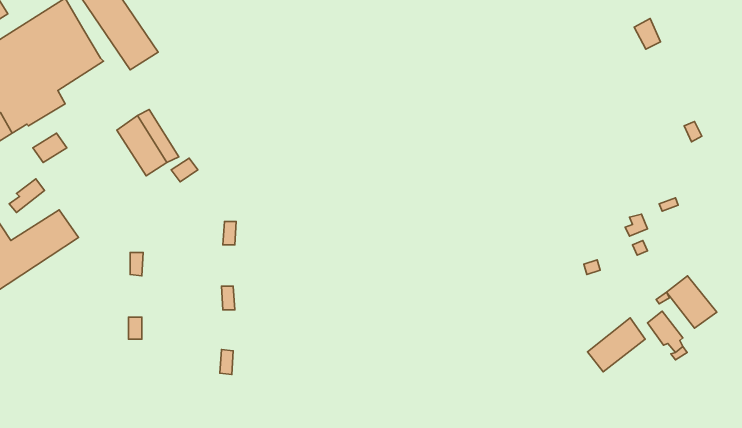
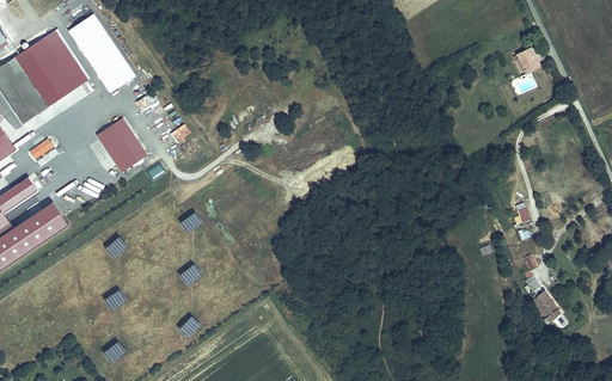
building: [667,276,717,328] -> none
building: [588,318,645,372] -> none

